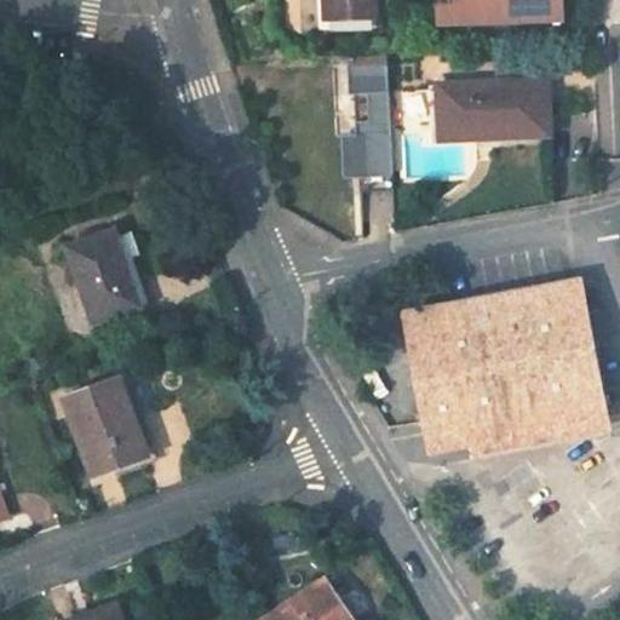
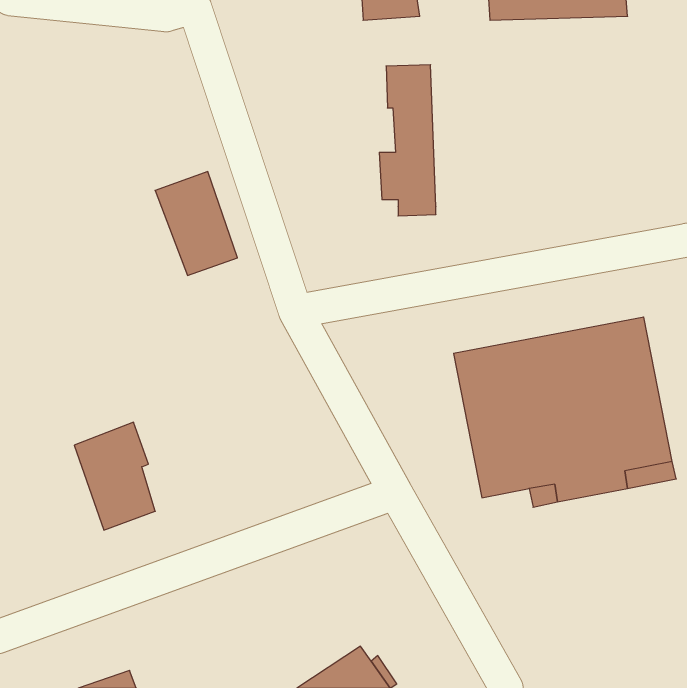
building: [438,79,550,137] -> none
building: [64,229,138,322] -> [155,172,237,275]

